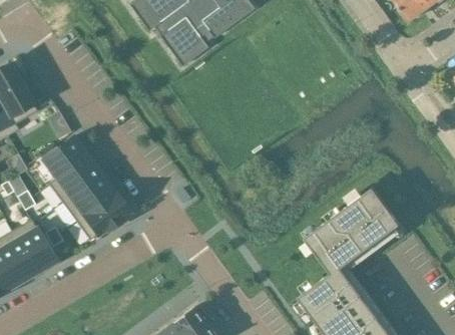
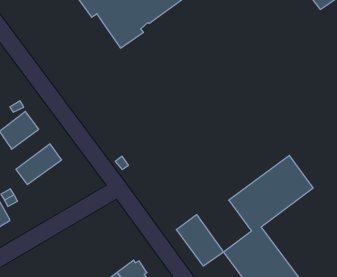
building: [47,156,100,203] -> none
building: [74,192,128,240] -> none
building: none -> [176,215,223,266]

